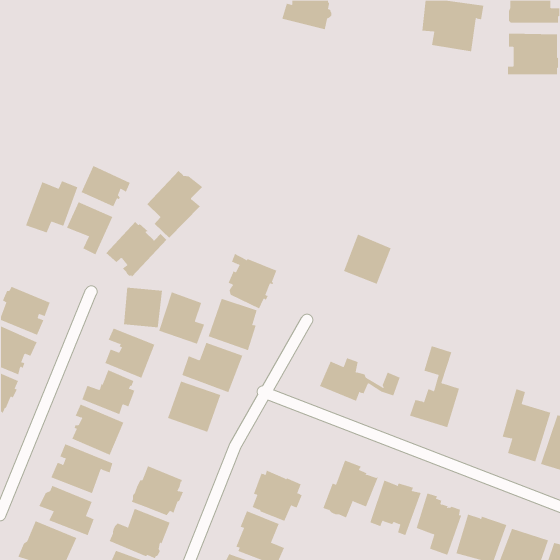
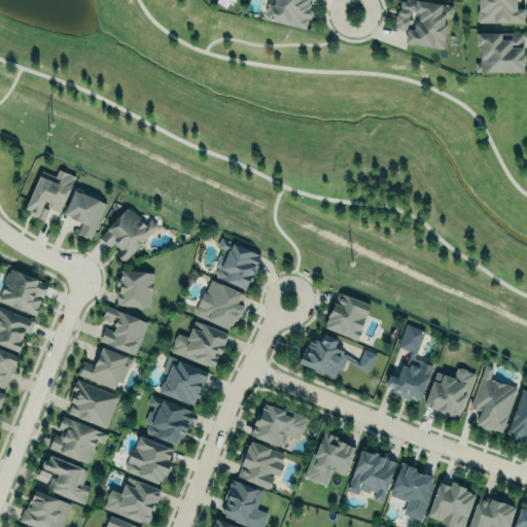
building: [81,165,130,207] -> none
building: [147,170,203,238] -> none
building: [343,234,391,284] -> [326,293,372,341]
building: [158,291,205,344] -> none
building: none -> [423,367,477,419]
building: none -> [146,395,194,448]
building: none -> [251,406,307,448]

